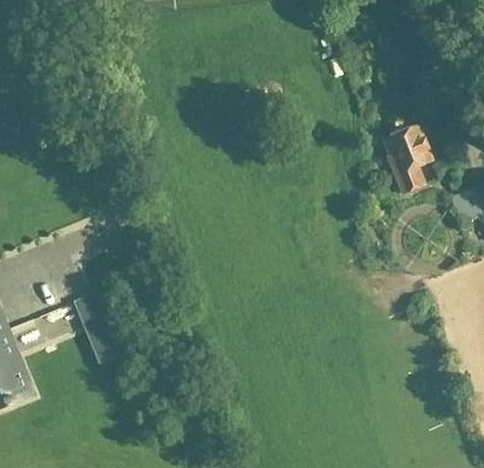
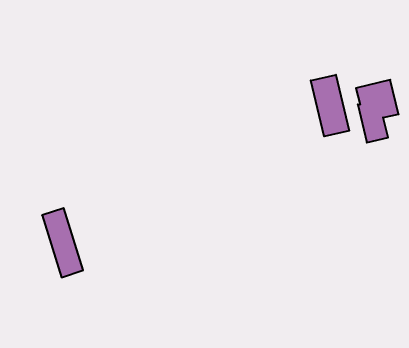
building: none -> [311,75,349,136]

